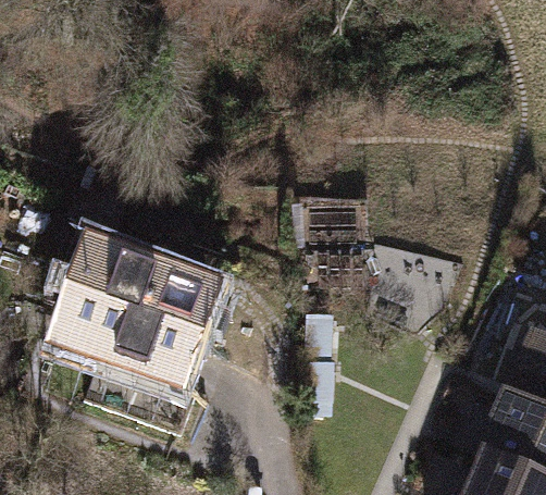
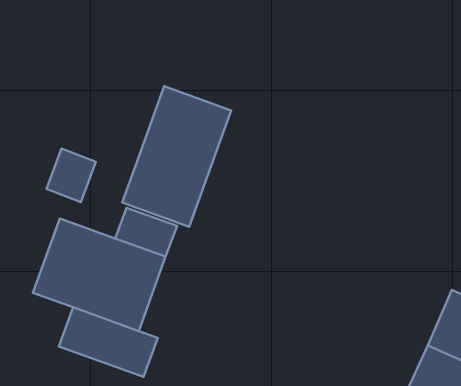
building: none -> [122,86,231,227]

